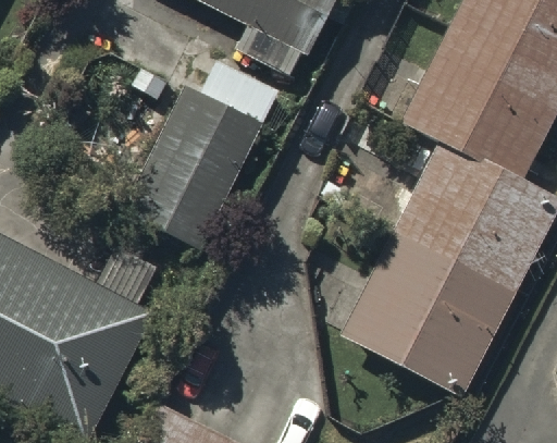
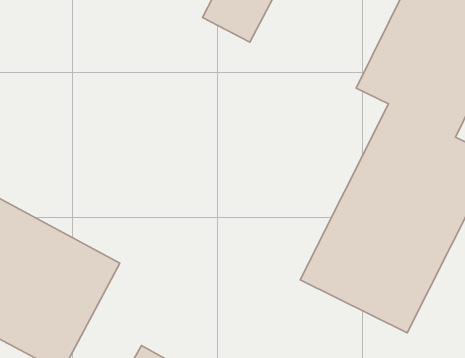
building: [124,63,276,253] -> none

